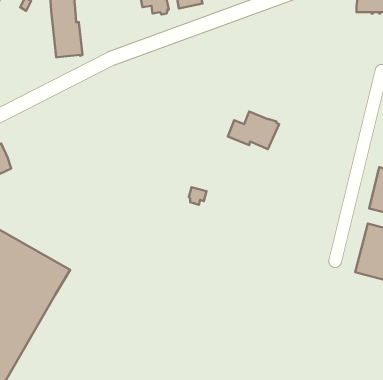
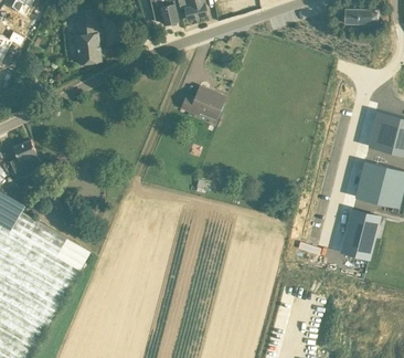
building: [228,112,279,149] -> [180,86,225,119]

